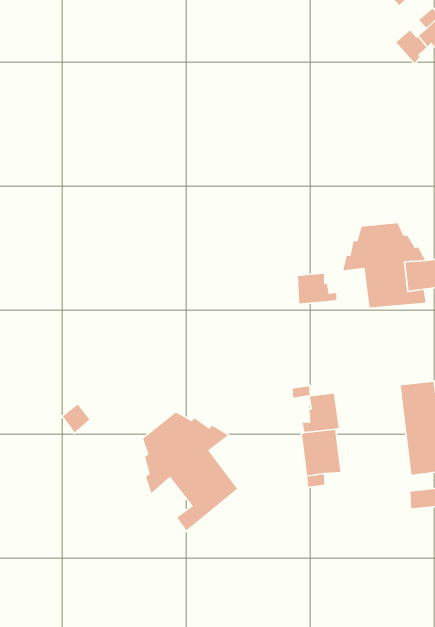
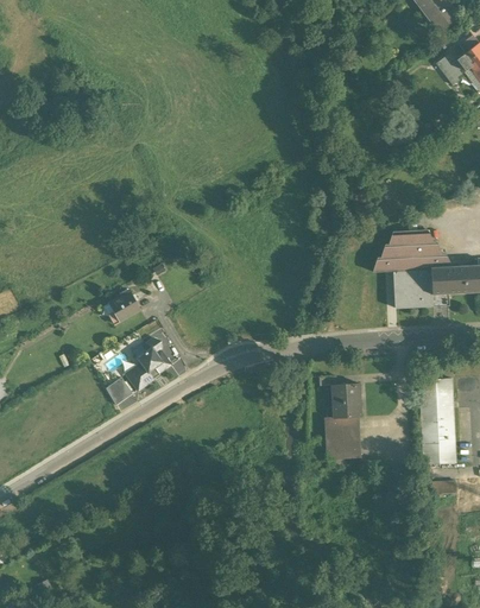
building: [297,273,337,304] -> none
building: none -> [109,290,140,324]
building: none -> [126,337,170,391]
building: [142,411,238,531] -> none

